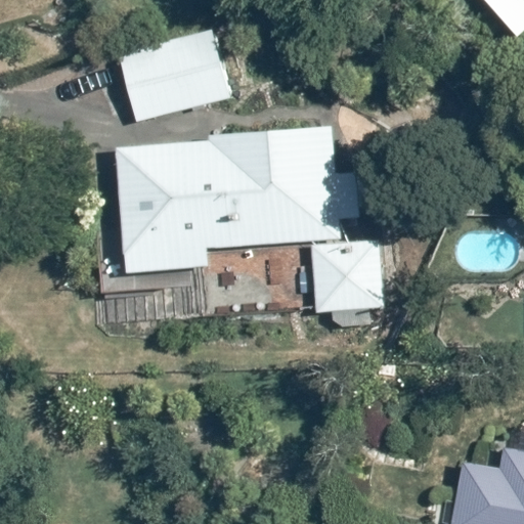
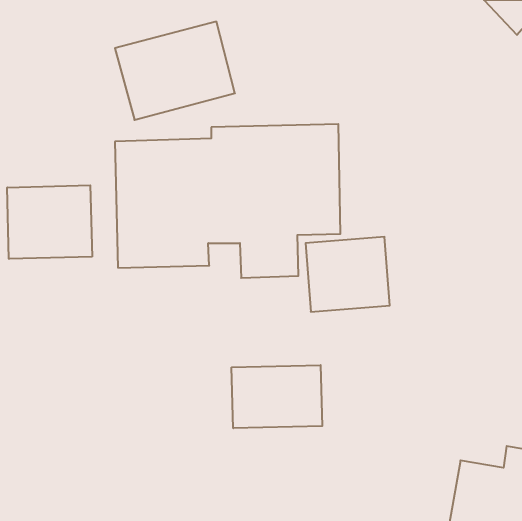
building: none -> [7,185,92,259]
building: none -> [232,365,322,428]

